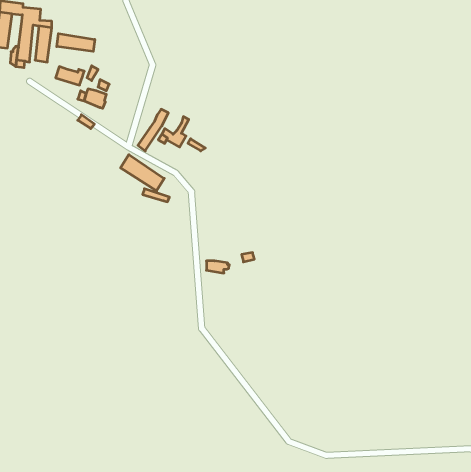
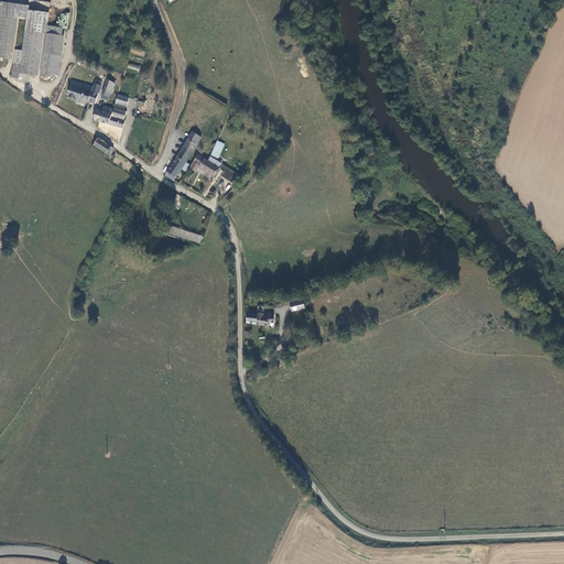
building: [57,34,95,51] -> none
building: [121,155,164,191] -> none

